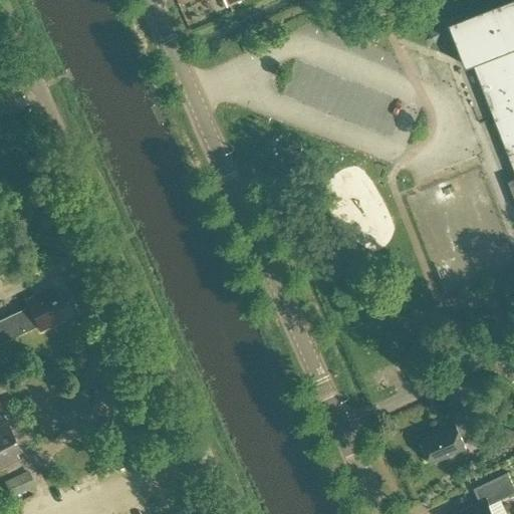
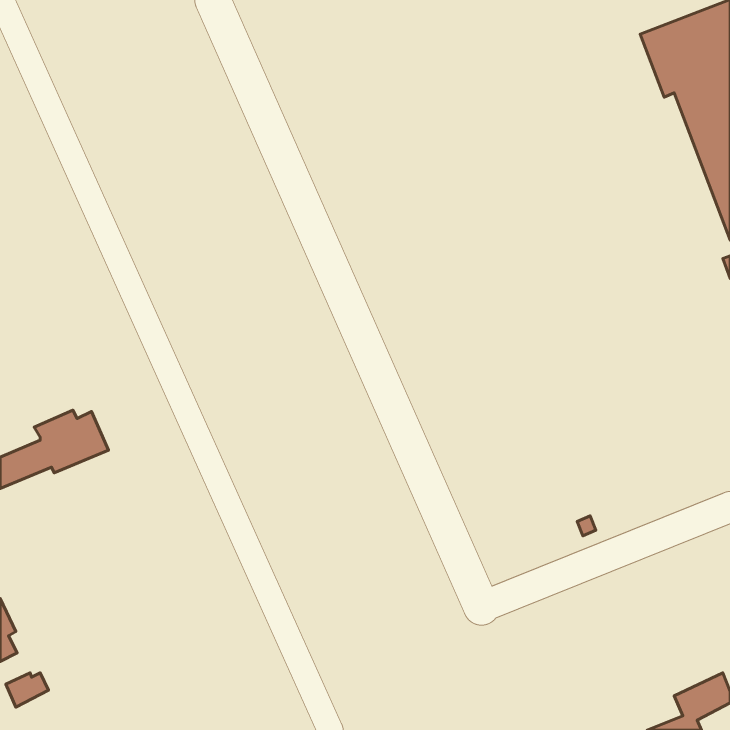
building: [422,410,473,463] -> none

